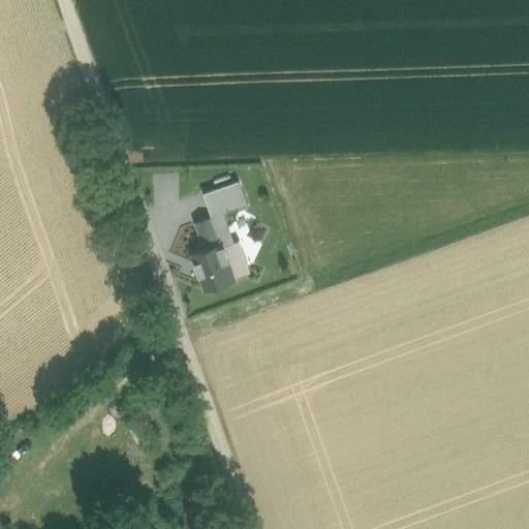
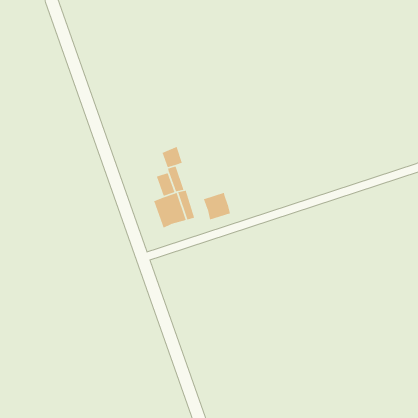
building: none -> [203,192,231,220]

